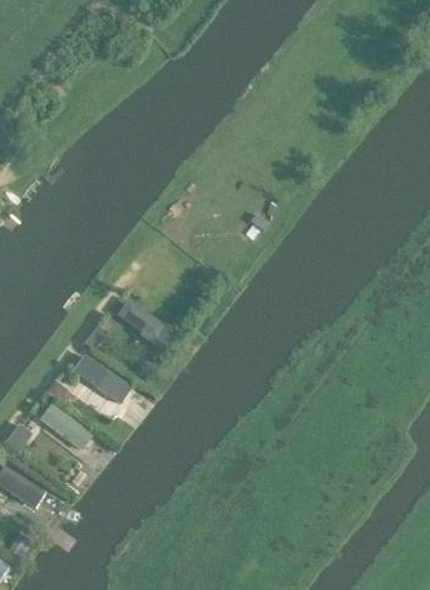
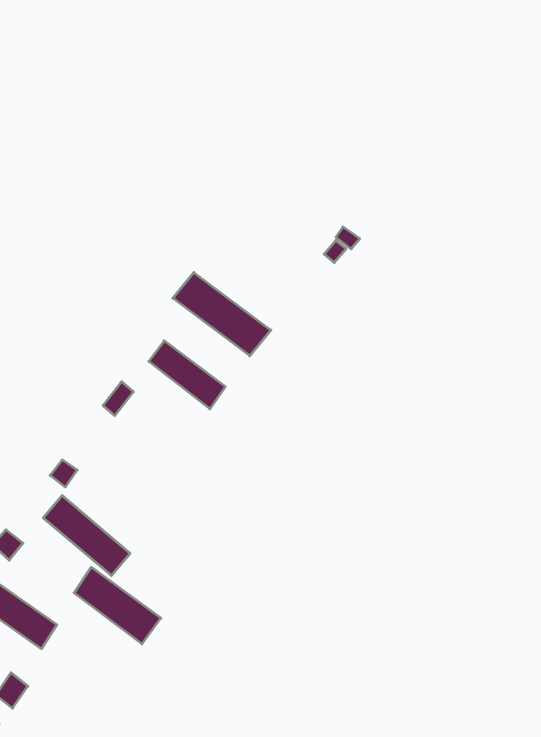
building: none -> [173,272,271,356]
building: [73,354,134,408] -> [74,567,161,644]

